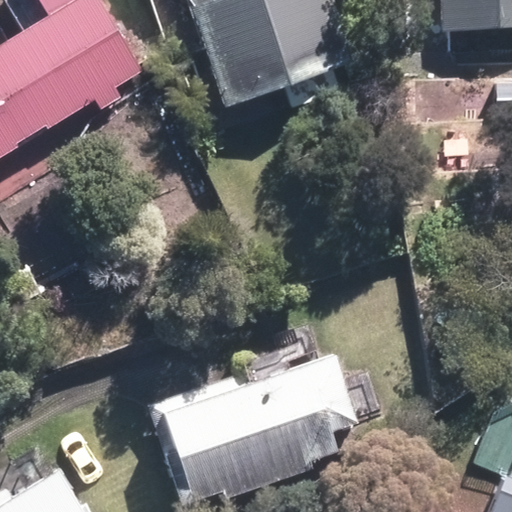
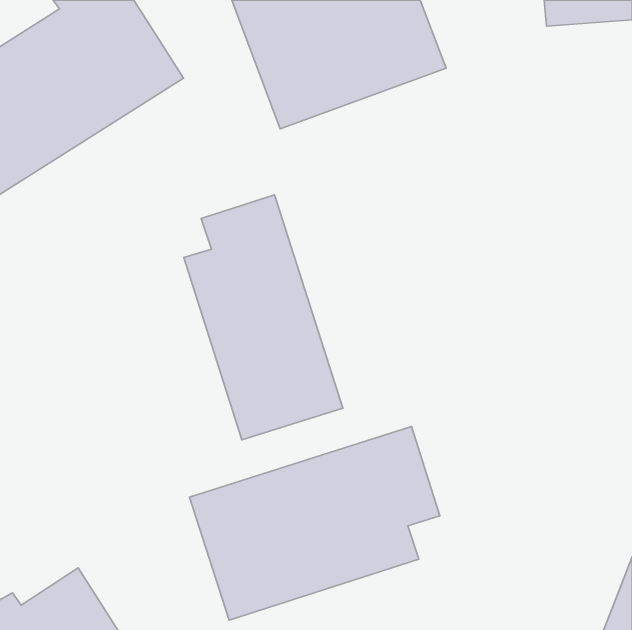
building: none -> [184,195,343,440]

